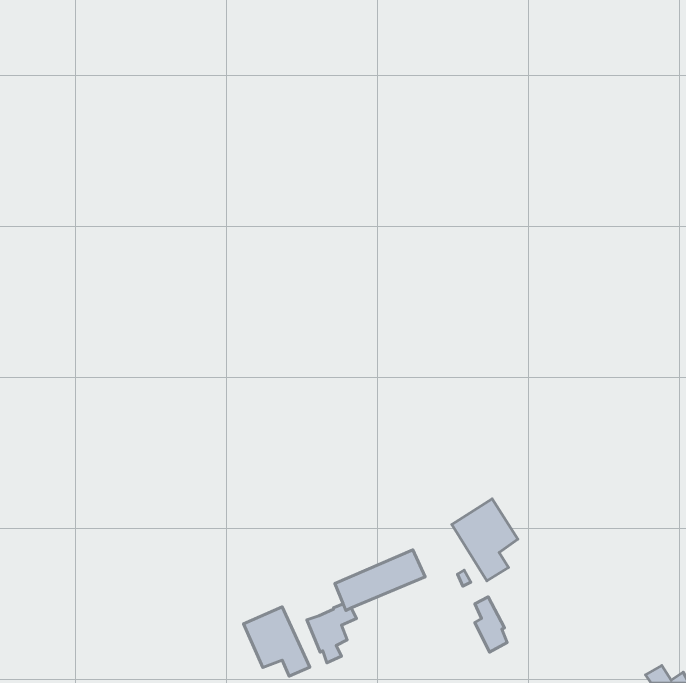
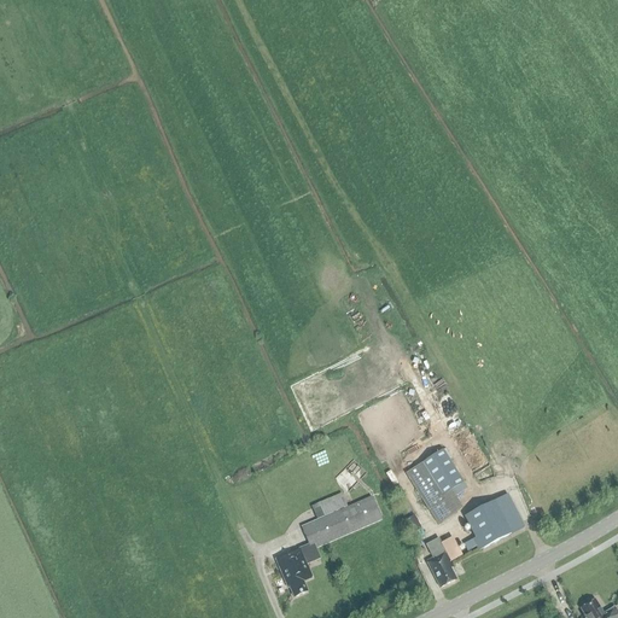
building: none -> [465,491,525,547]
building: [244,607,310,676] -> none

